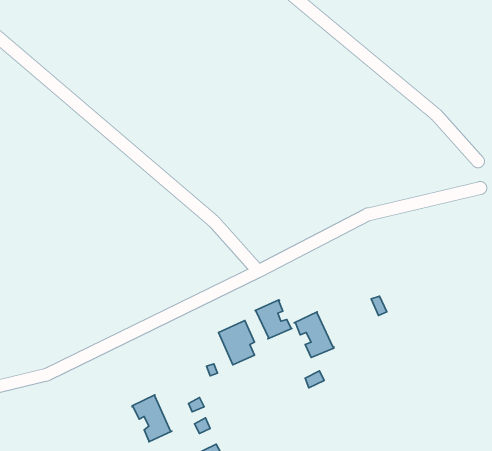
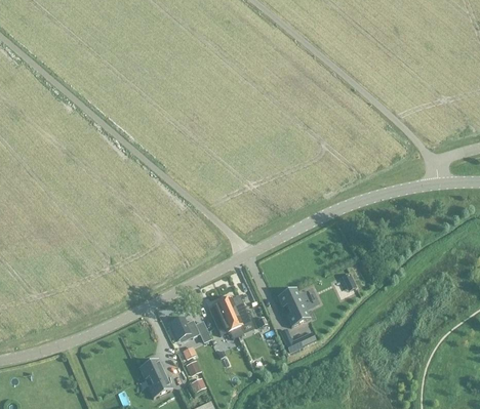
building: [255,300,292,339] -> none
building: none -> [170,316,200,337]

